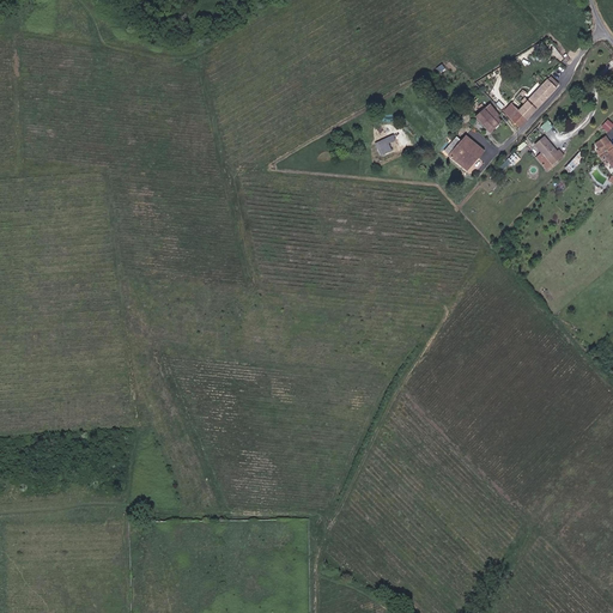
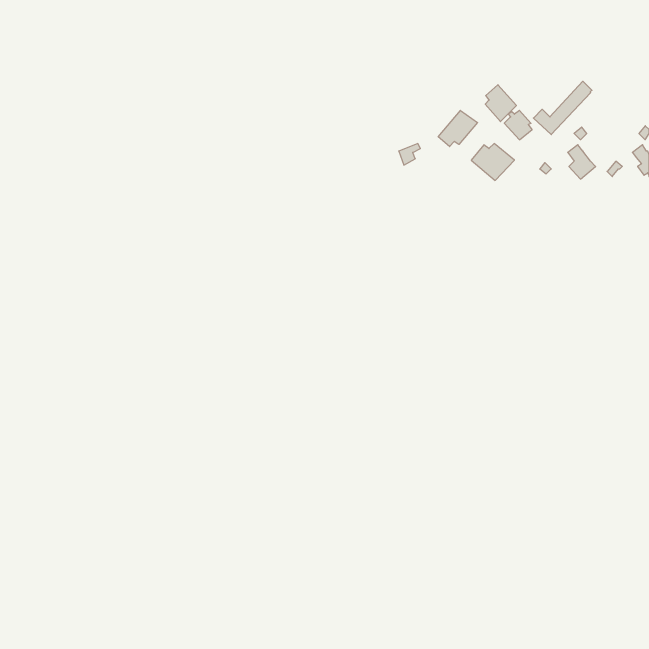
building: none -> [485,85,516,122]
building: none -> [438,110,478,147]

